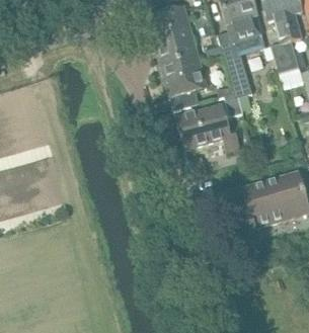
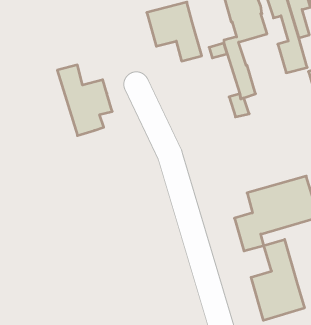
building: [155,41,208,109] -> [57,65,112,136]
building: [176,104,240,150] -> none
building: none -> [251,239,304,320]

